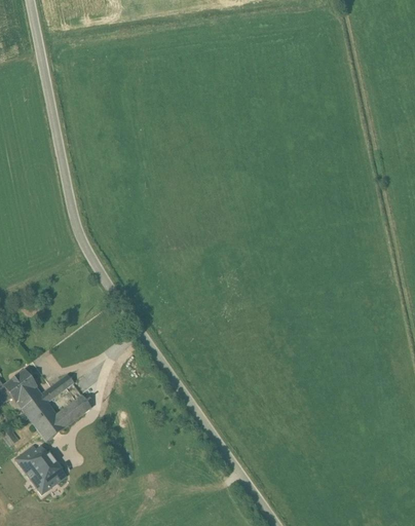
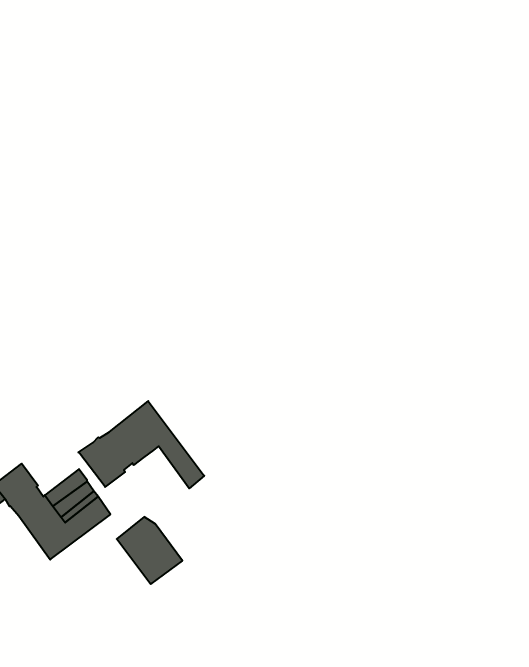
building: none -> [78,401,204,488]
building: [16,443,66,493] -> [117,517,182,584]

